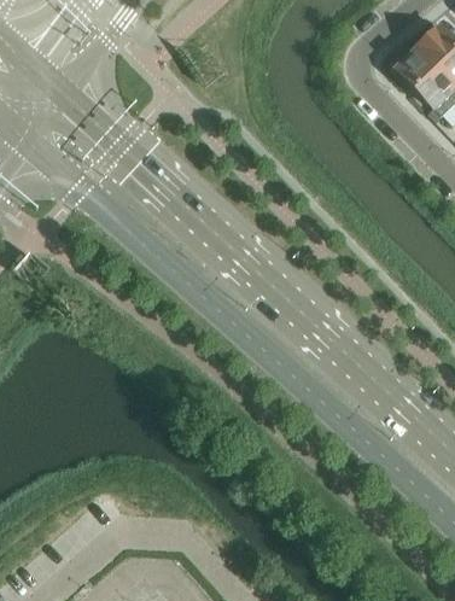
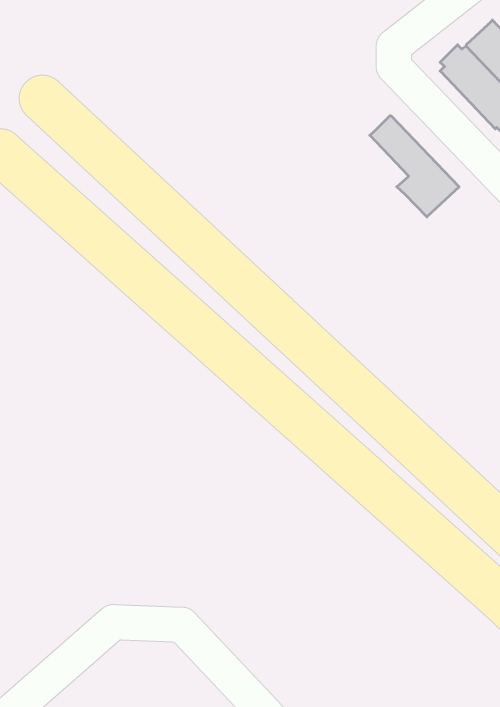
building: none -> [370,116,459,217]

